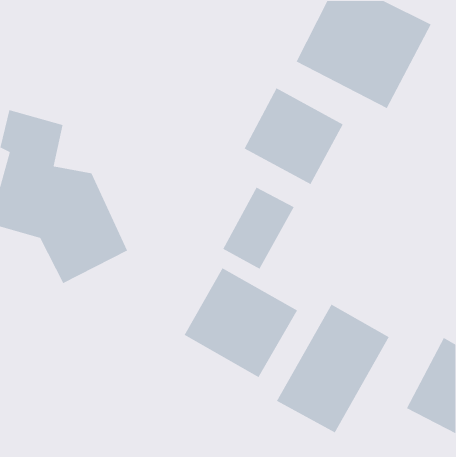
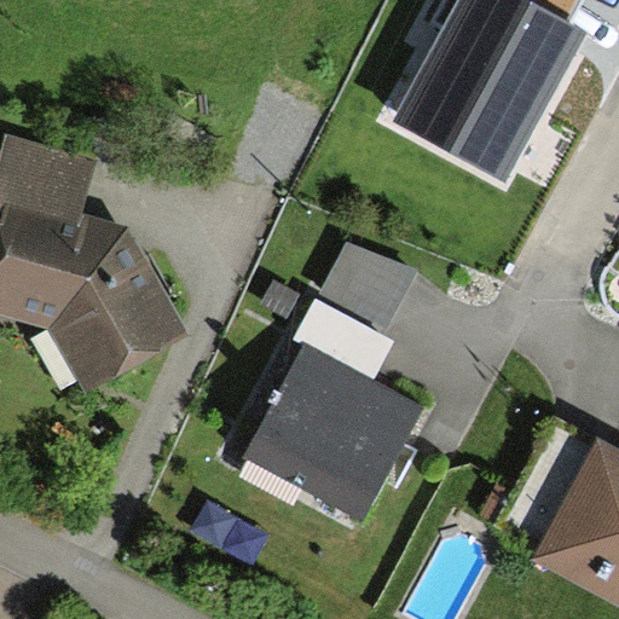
building: [244,87,344,185] -> none
building: [276,304,390,434] -> none

